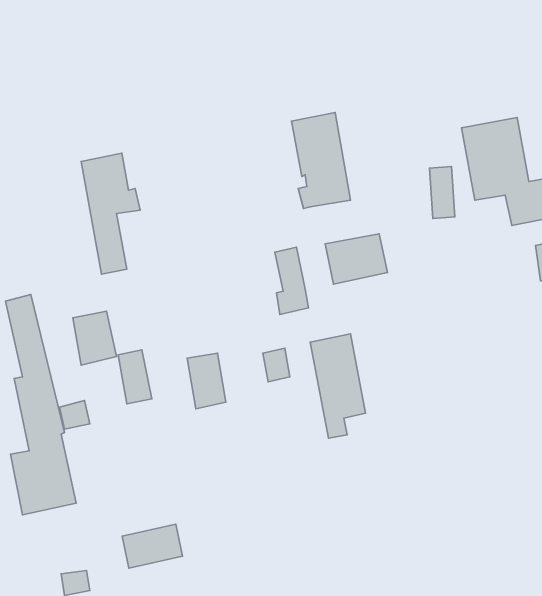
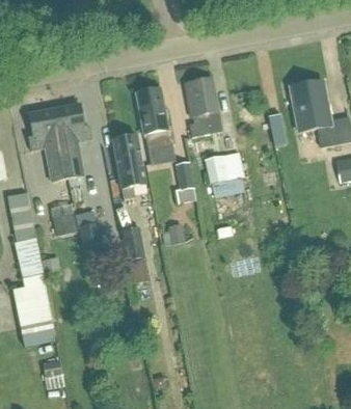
building: none -> [136,87,174,148]
building: none -> [28,108,68,181]
building: [310,334,366,438] -> [112,135,146,199]
building: [122,524,183,568] -> [19,319,56,346]

